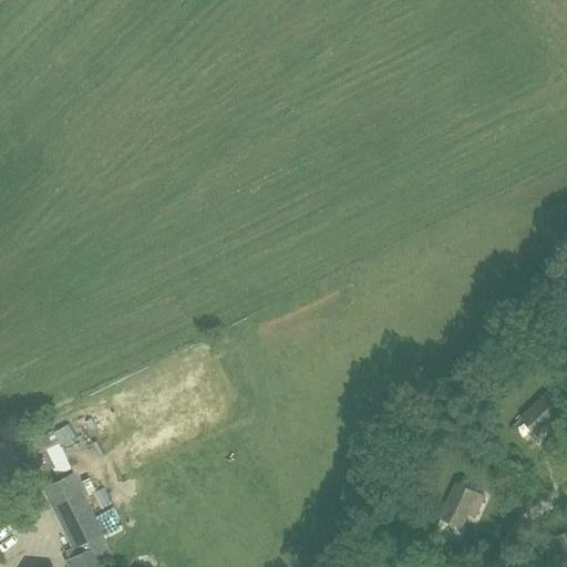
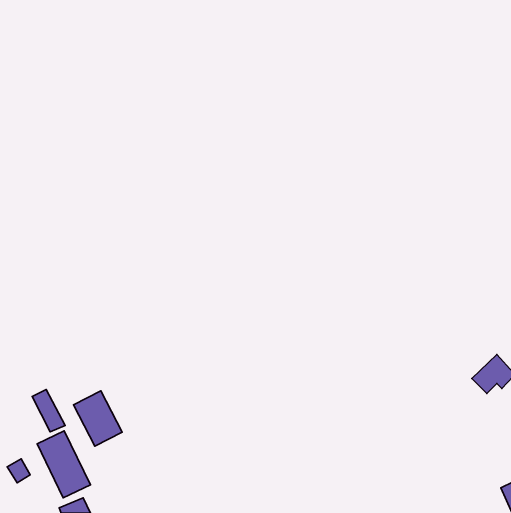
building: none -> [73,391,122,446]
building: [442,483,486,527] -> none

